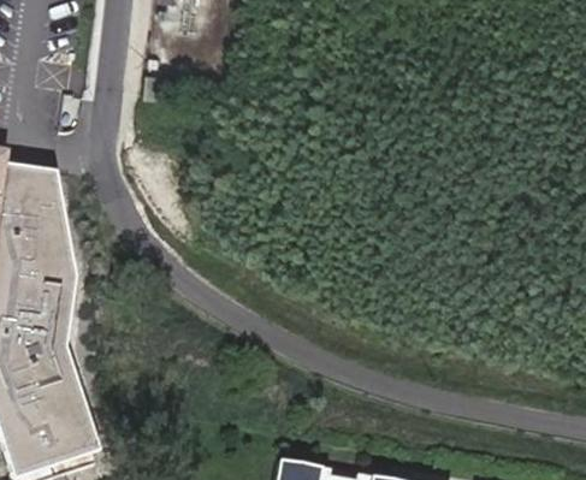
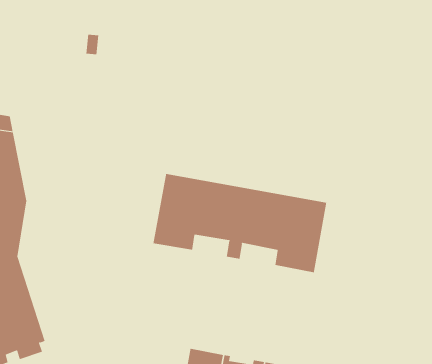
building: none -> [153,173,327,273]

